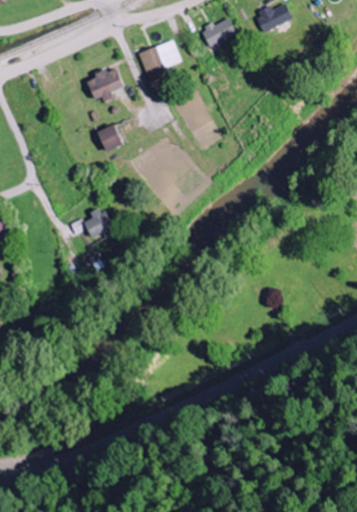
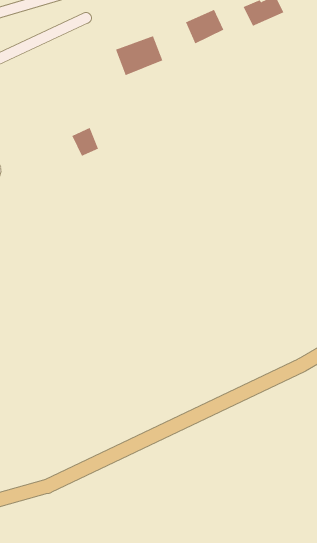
building: [87,67,124,102] -> none
building: [85,206,113,237] -> none

